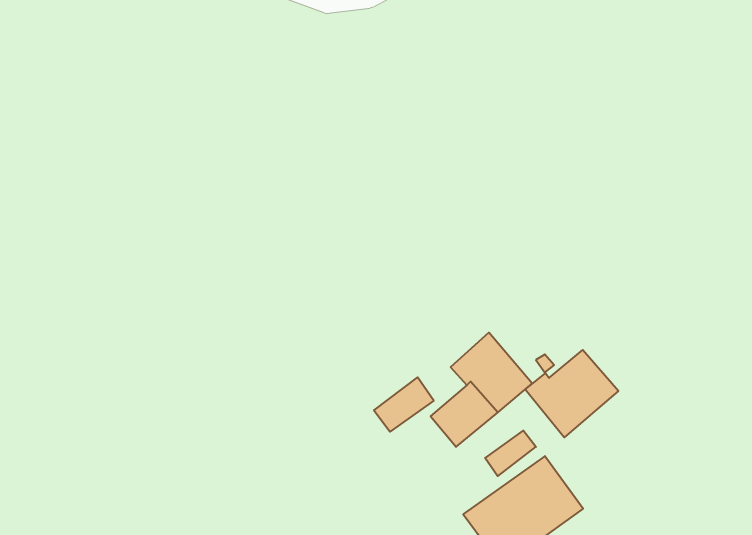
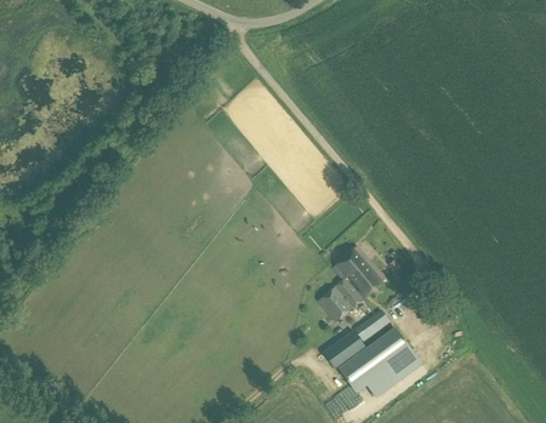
building: [525,350,618,437] -> none
building: [374,377,434,432] -> [322,331,362,367]

